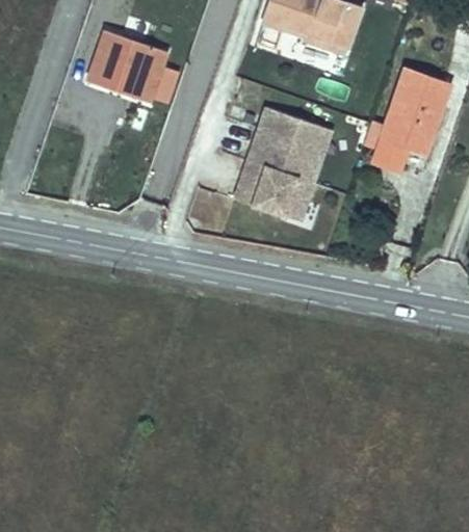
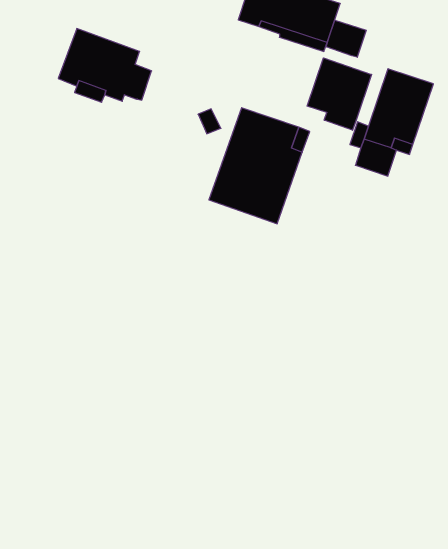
building: none -> [326,20,366,57]
building: none -> [307,58,372,130]

